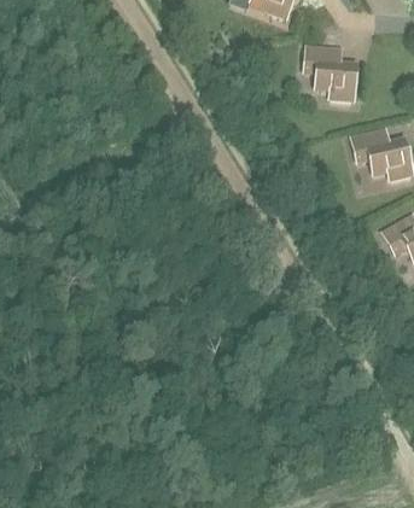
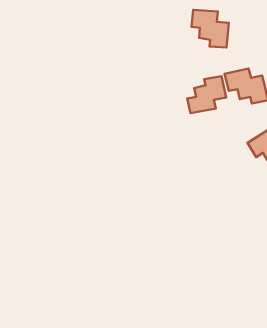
building: none -> [187,76,226,113]

